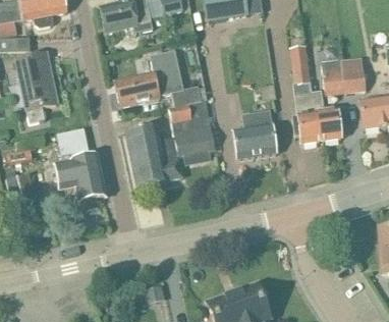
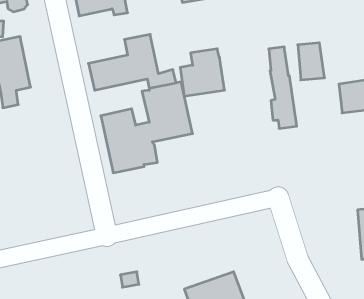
building: [342,56,366,93] -> none
building: [313,90,341,141] -> none
building: [233,110,277,157] -> [180,49,225,96]
building: [57,127,107,201] -> none

